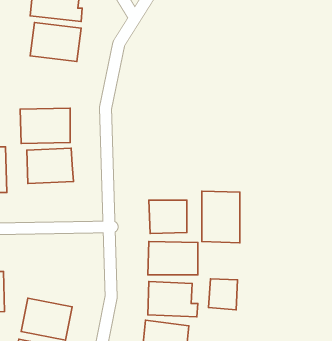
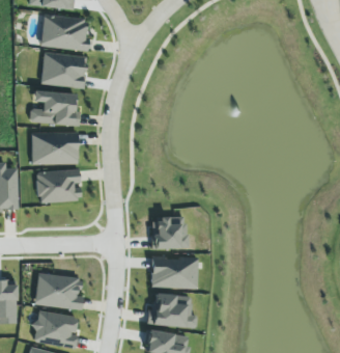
building: none -> [30,91,79,126]
building: [202,191,240,243] -> none
building: none -> [34,273,84,310]
building: [208,279,237,310] -> none

